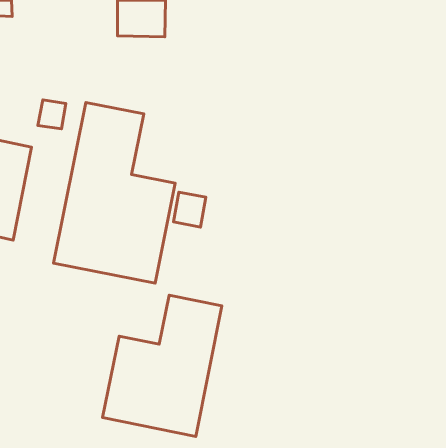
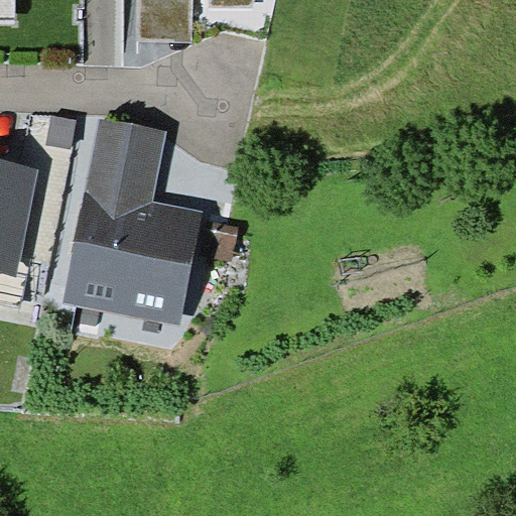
building: [103,295,222,437] -> none

